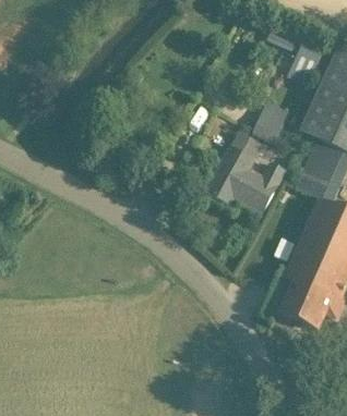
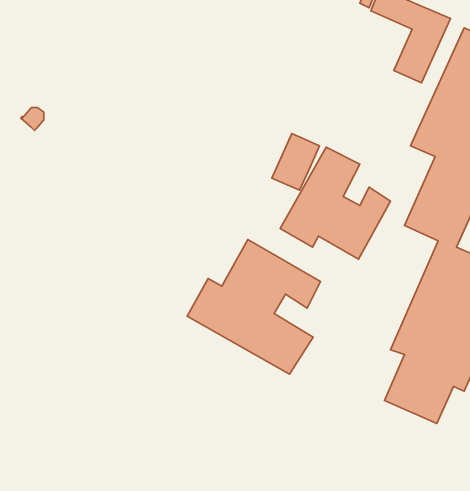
building: [253,100,287,140] -> [272,134,319,190]
building: none -> [187,239,320,374]

